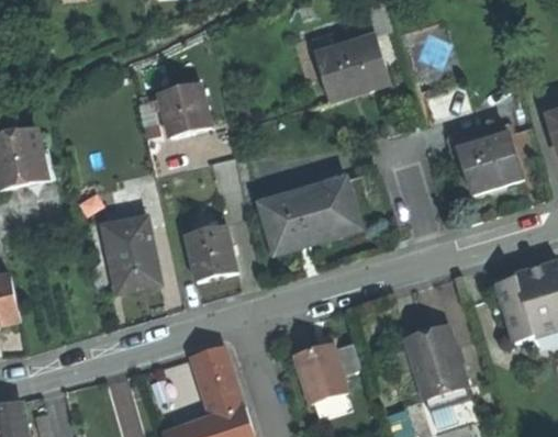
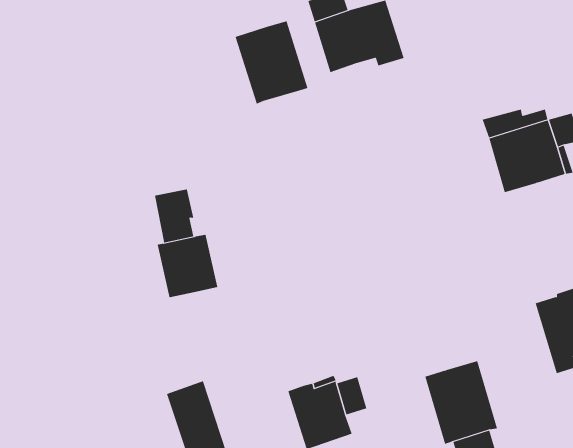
building: none -> [235,20,308,105]
building: [157,81,209,134] -> none
building: [259,178,358,251] -> none
building: [102,217,158,294] -> none

